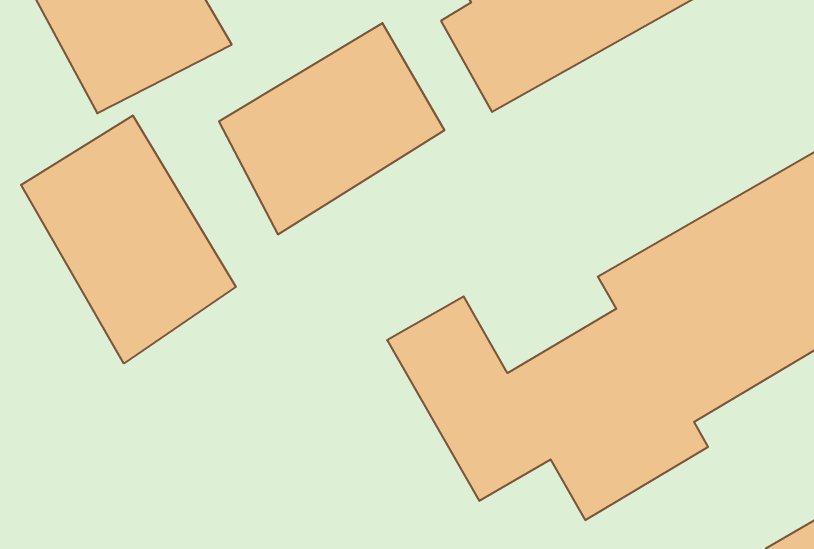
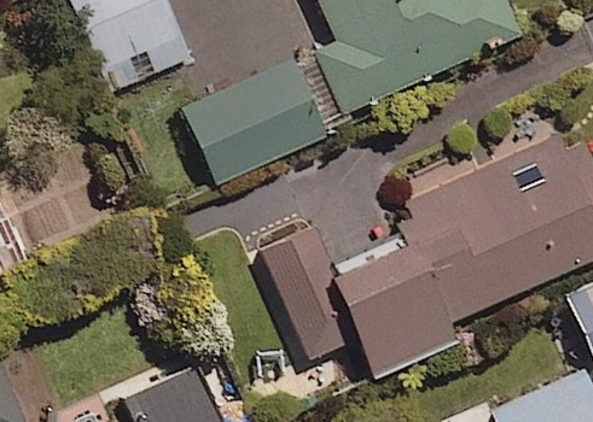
building: [21,115,236,363] -> none

